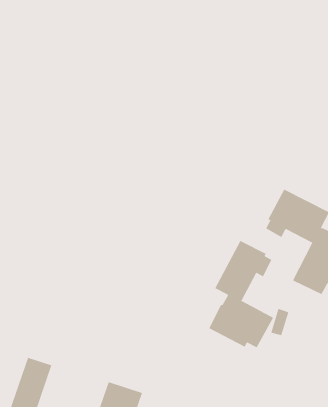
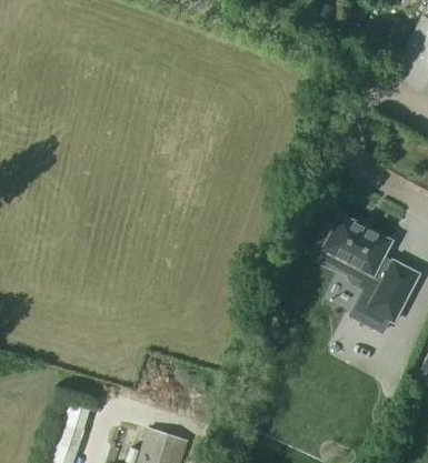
building: [208,240,274,348] -> none

